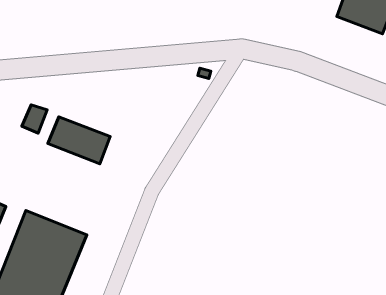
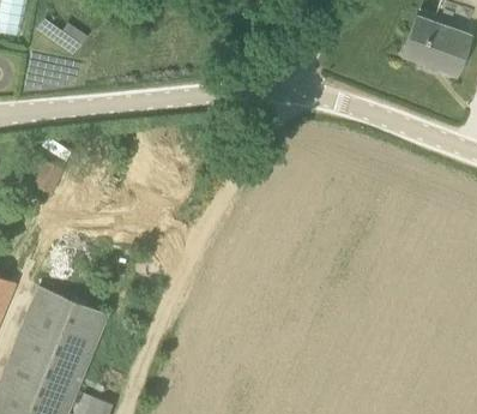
building: [48,117,110,164] -> none

